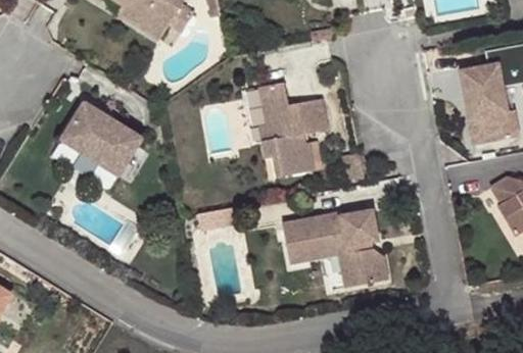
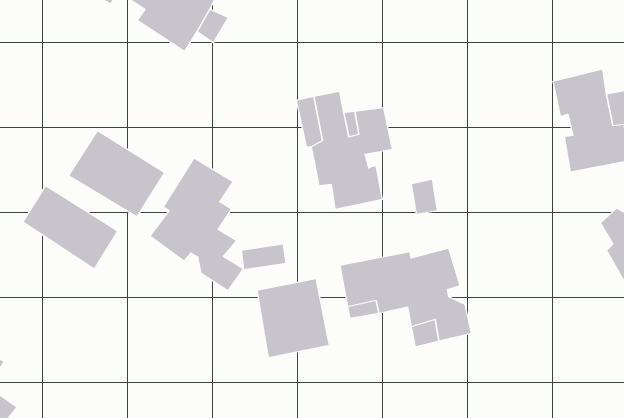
building: none -> [150,158,243,291]
building: none -> [23,186,118,269]
building: none -> [257,279,329,358]

